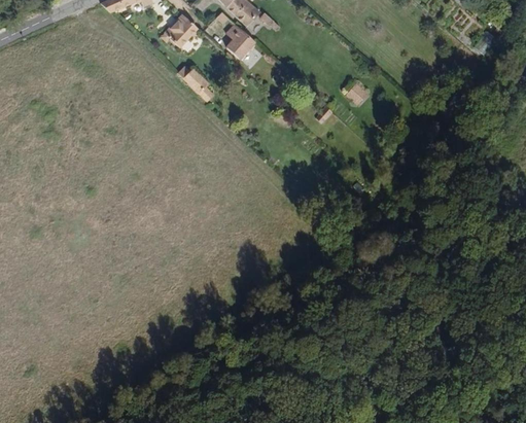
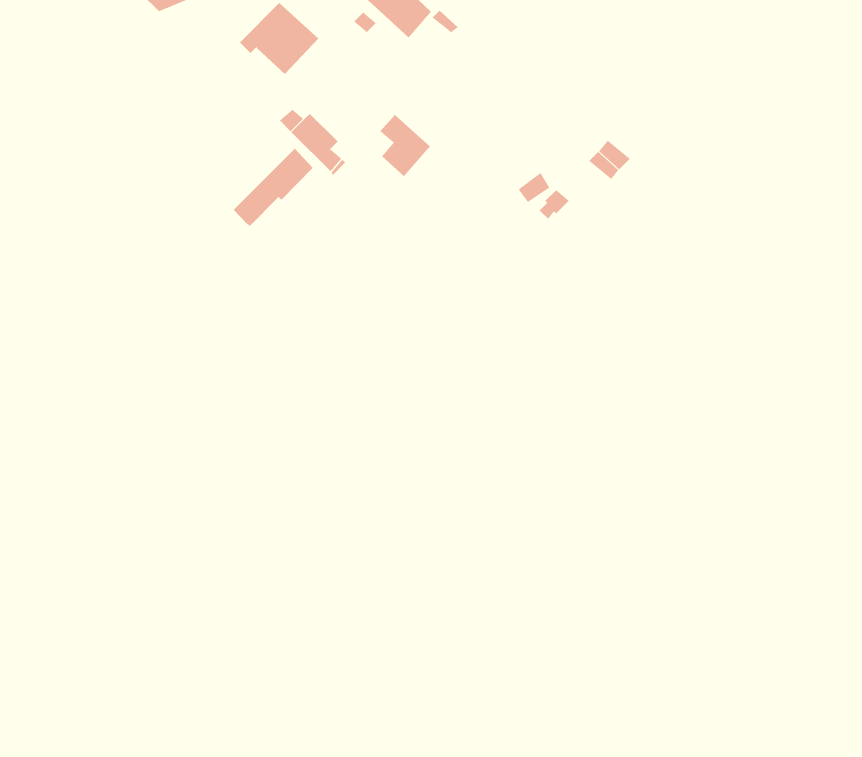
building: [227,25,255,59] -> [379,114,431,177]
building: none -> [233,148,313,227]

